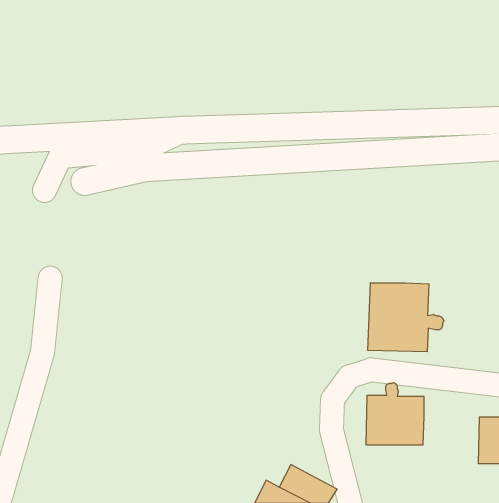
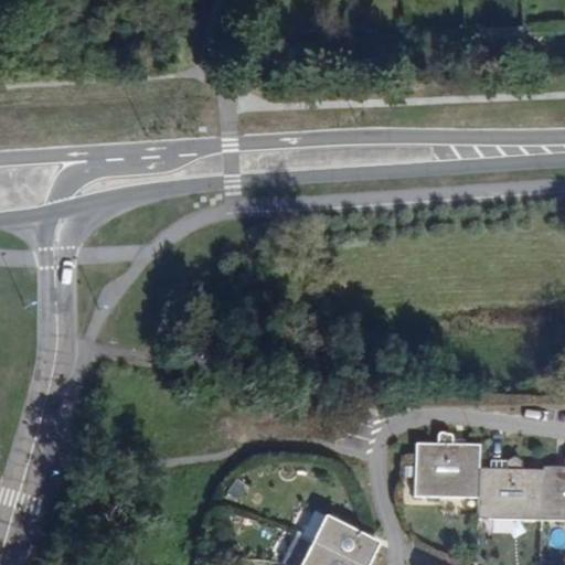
building: [368,283,444,352] -> none
building: none -> [479,450,542,519]

